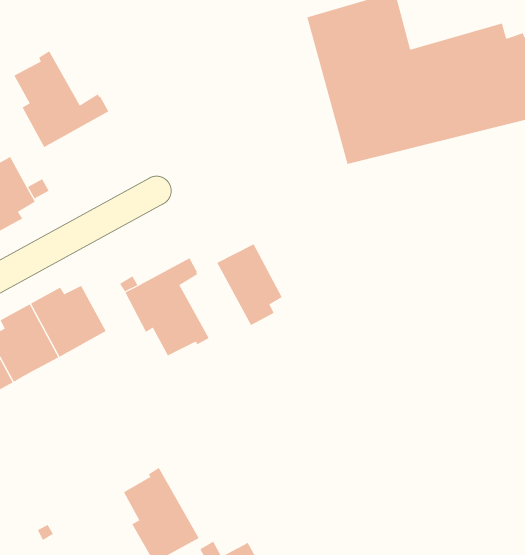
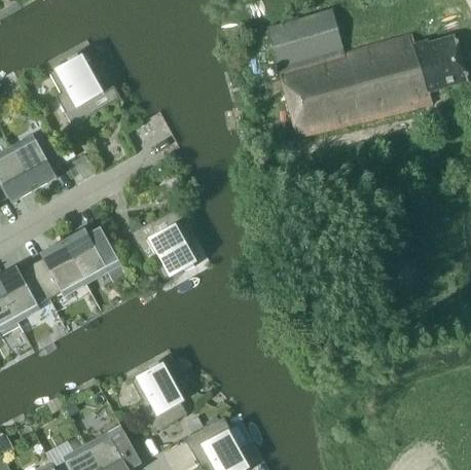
building: [217,243,282,326] -> none

